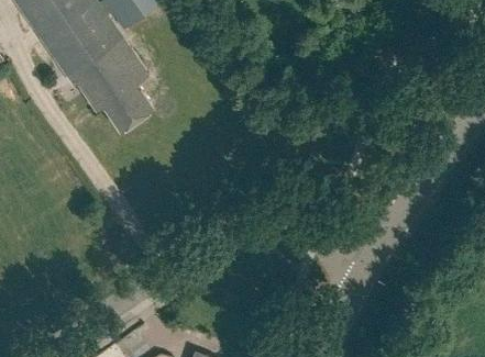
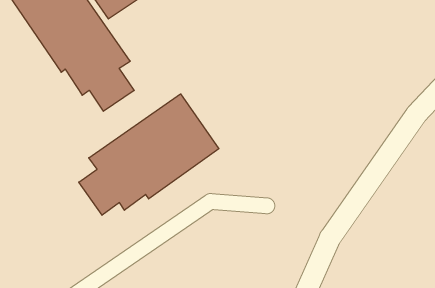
building: none -> [79,94,219,215]

